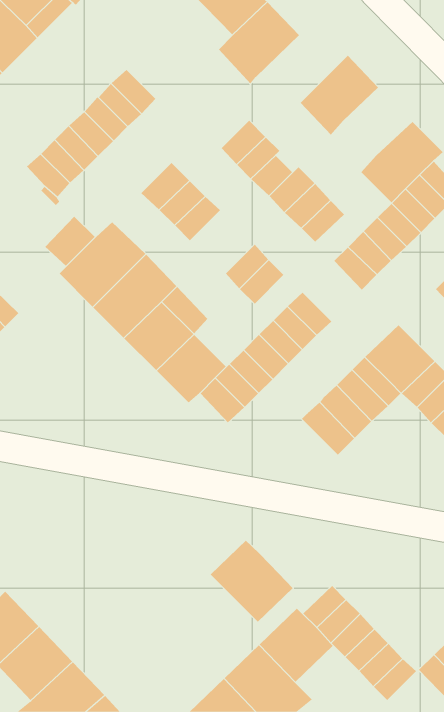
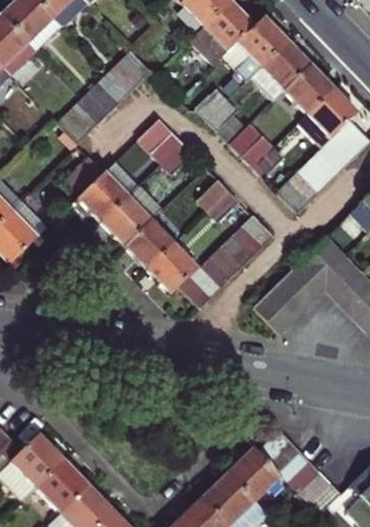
building: none -> [222,16,289,82]
building: none -> [285,64,336,113]
building: [210,540,293,622] -> none

